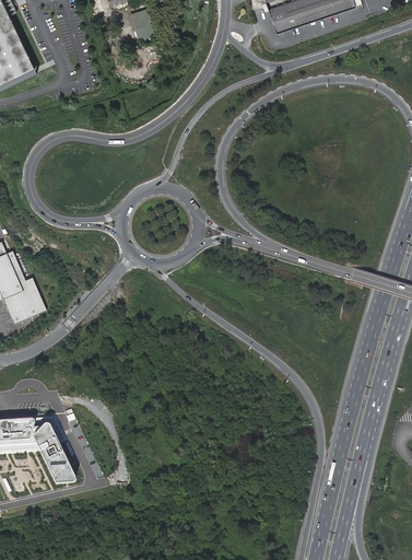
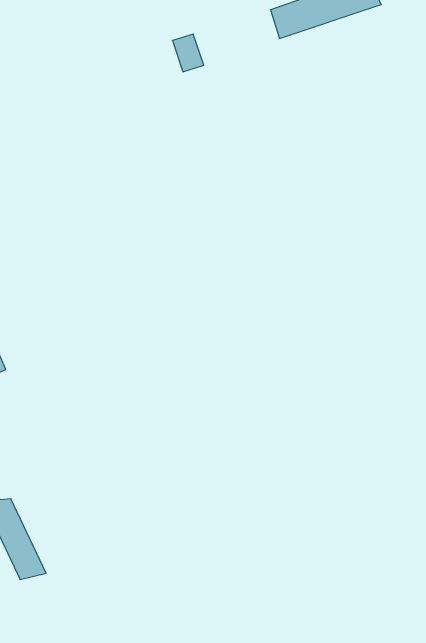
building: [130,8,156,39] -> [172,34,204,72]

